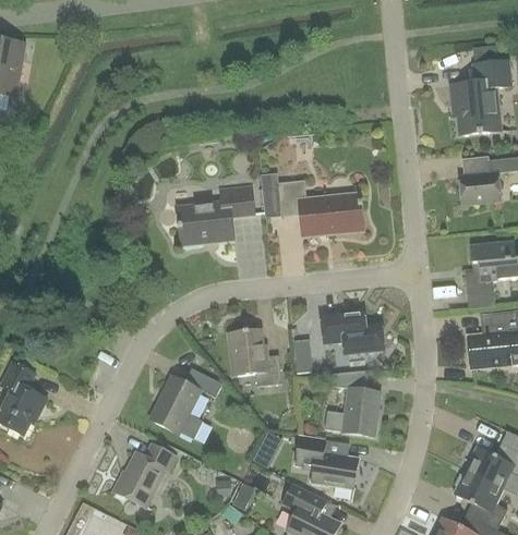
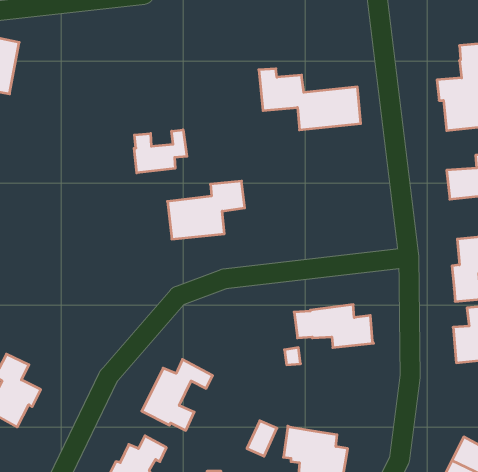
building: none -> [134,130,187,173]
building: [260,173,363,235] -> [259,69,361,130]
building: [227,328,281,385] -> none
building: [324,368,380,435] -> none

